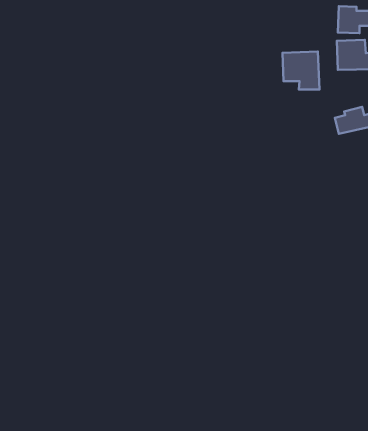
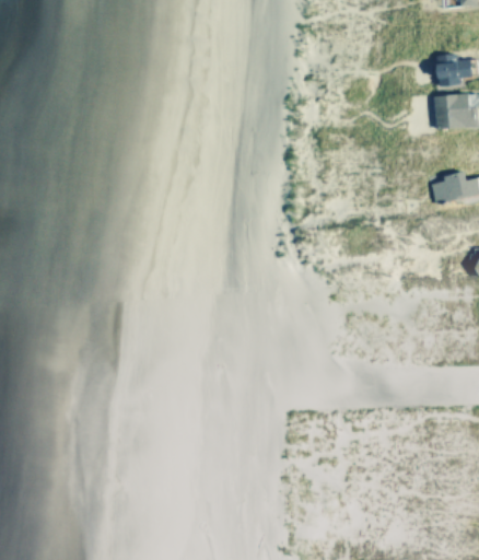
building: [283,52,319,90] -> none

